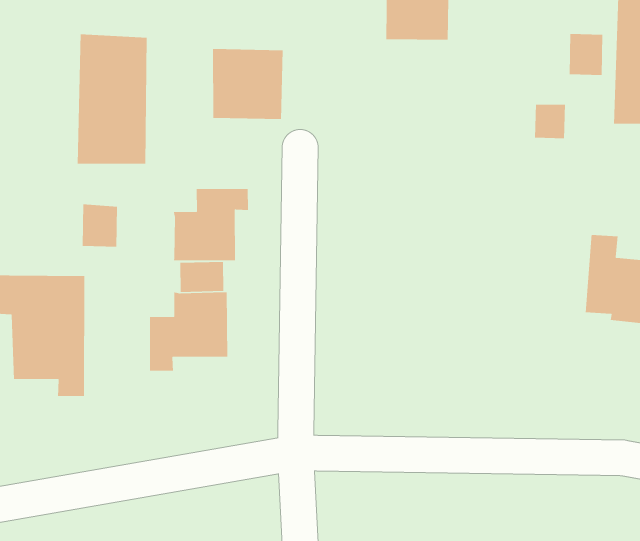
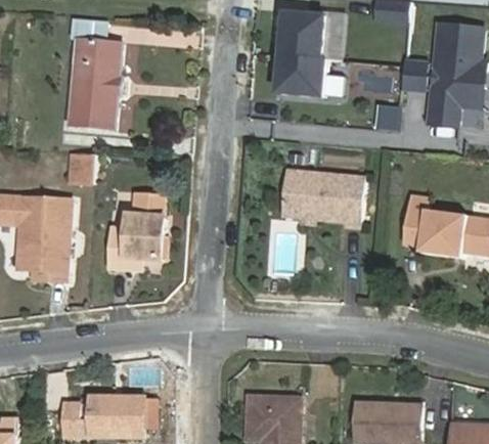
building: none -> [277,54,326,95]
building: [212,48,283,120] -> none
building: [173,188,249,261] -> none
building: none -> [281,170,365,225]

